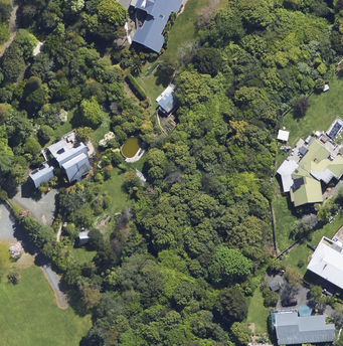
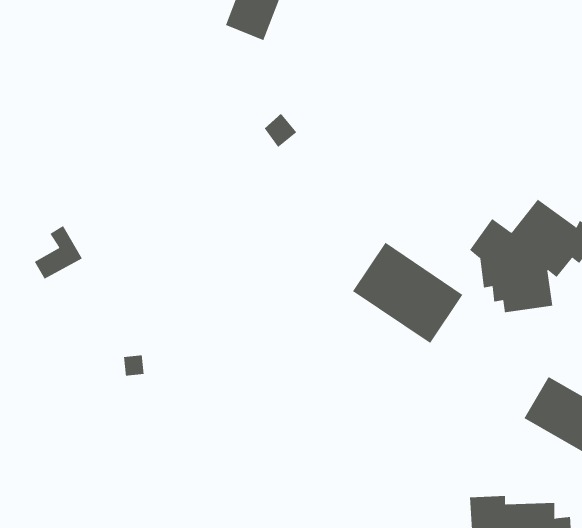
building: [47,134,91,183] -> none
building: none -> [352,242,463,344]

